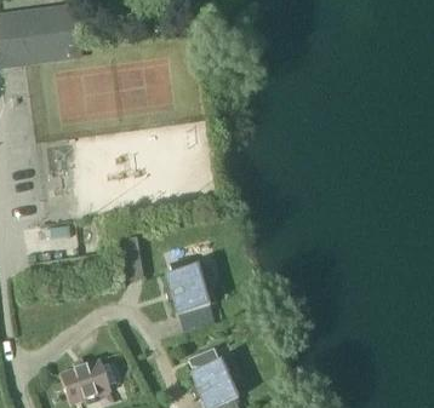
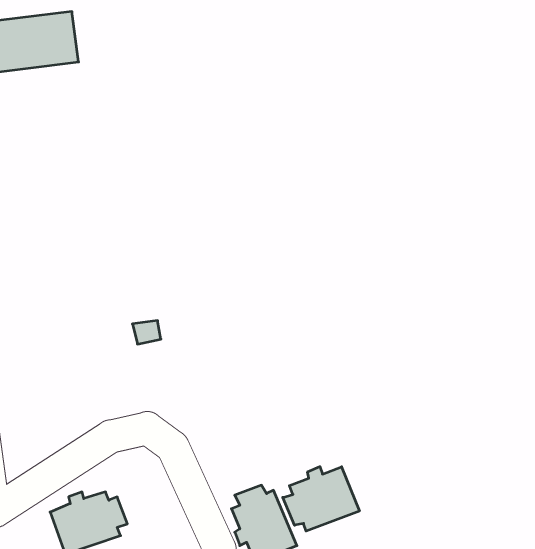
building: [166,258,211,314] -> none
building: none -> [283,467,359,531]

